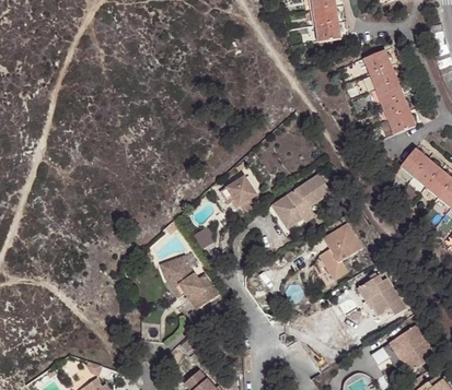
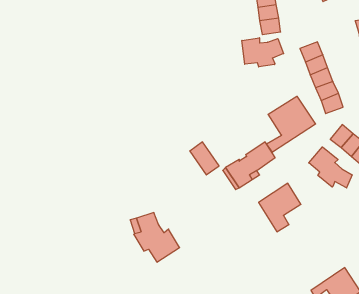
building: none -> [242,38,284,67]
building: none -> [267,96,316,152]
building: none -> [309,147,352,188]
building: [358,274,406,322] -> none

